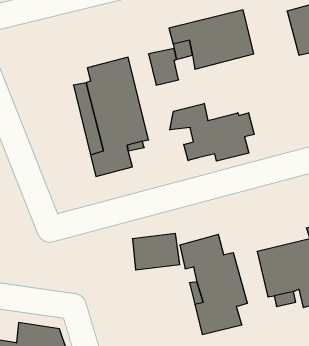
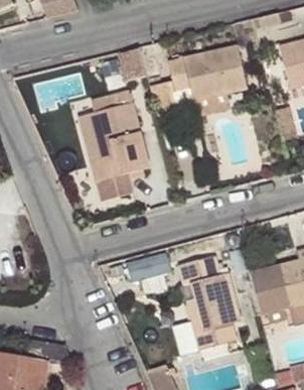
building: [170,103,254,161] -> none

